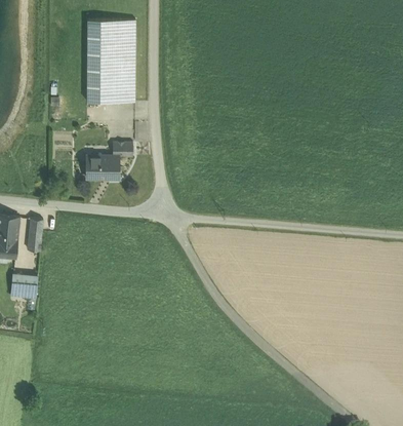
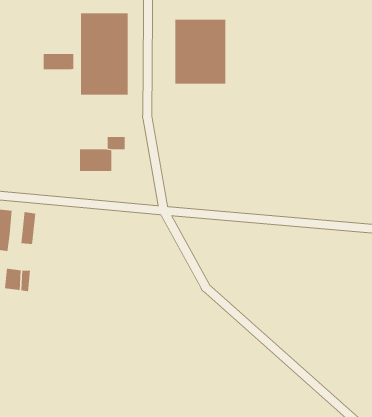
building: none -> [175,19,226,84]
building: none -> [43,53,74,70]

